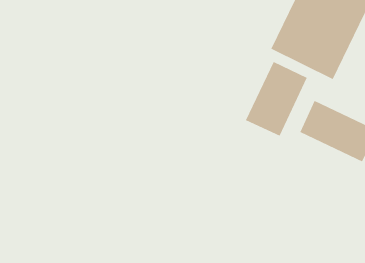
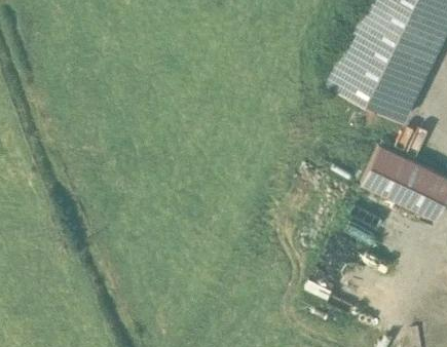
building: [245,61,307,137] -> none

